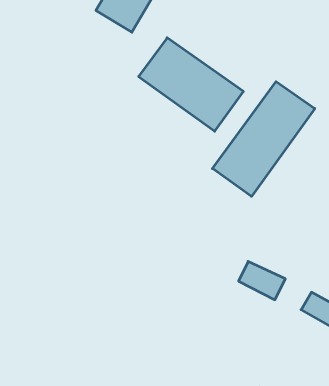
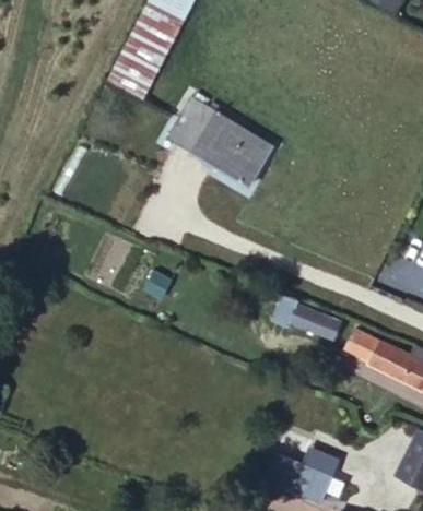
building: [212,82,315,196] -> none

